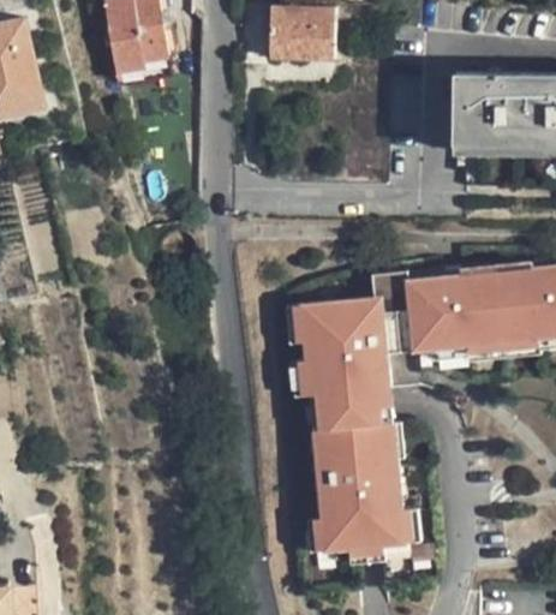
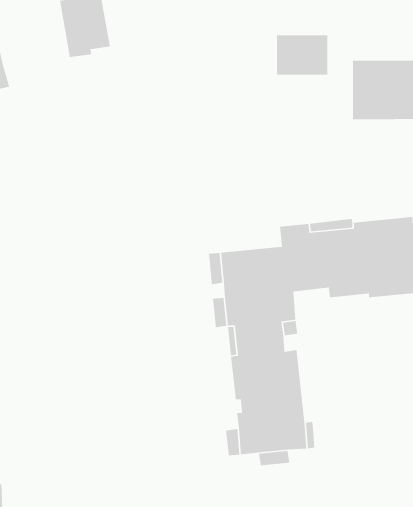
building: [273,12,335,61] -> [276,34,328,75]

